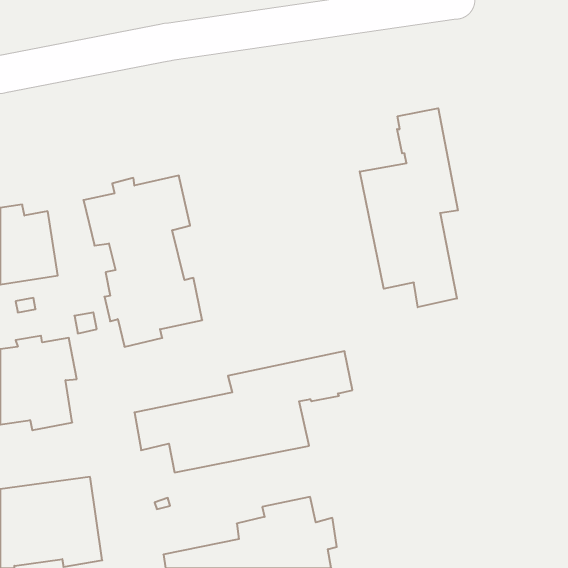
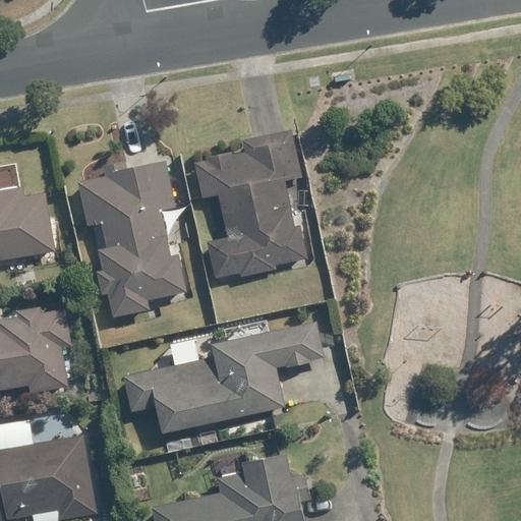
building: [360,108,458,307] -> none
building: none -> [194,131,305,279]

